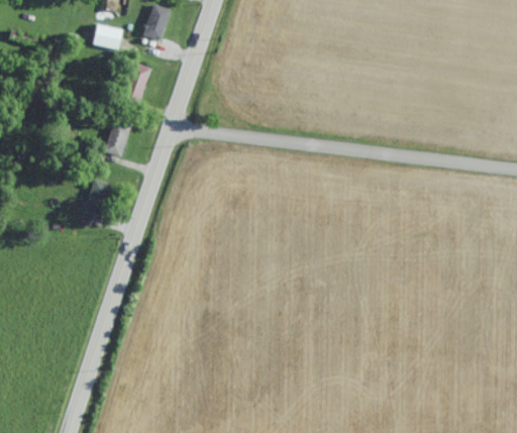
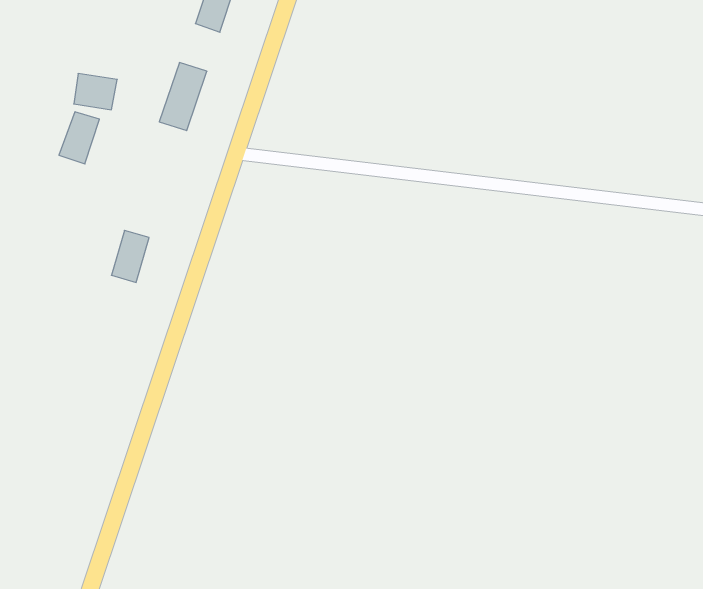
building: [93,24,123,49] -> [74,74,117,110]
building: [103,121,131,157] -> [59,112,99,164]

